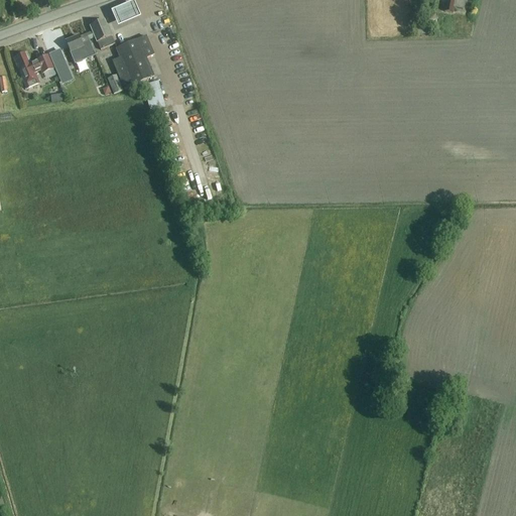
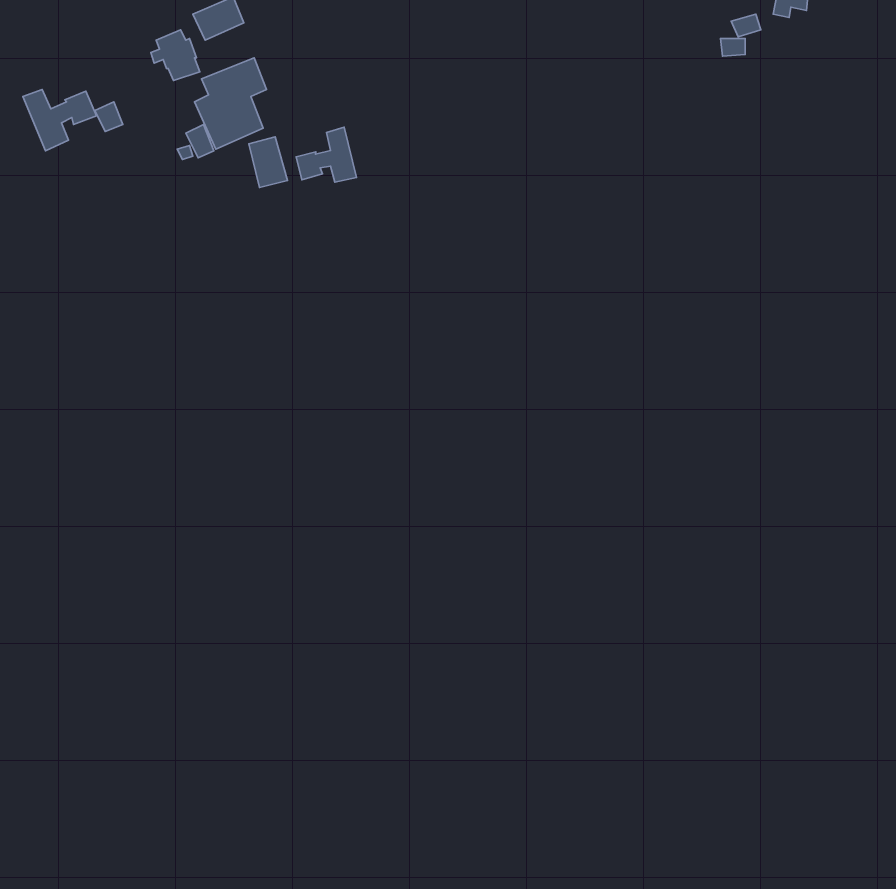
building: [66,30,94,54] -> none
building: none -> [296,127,357,182]

